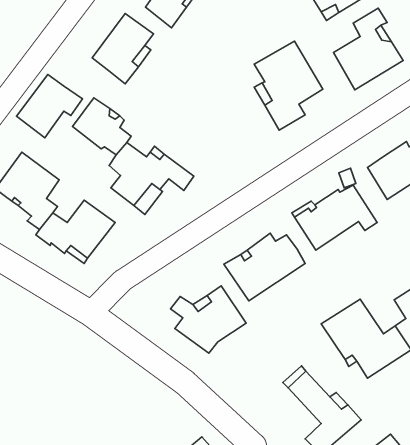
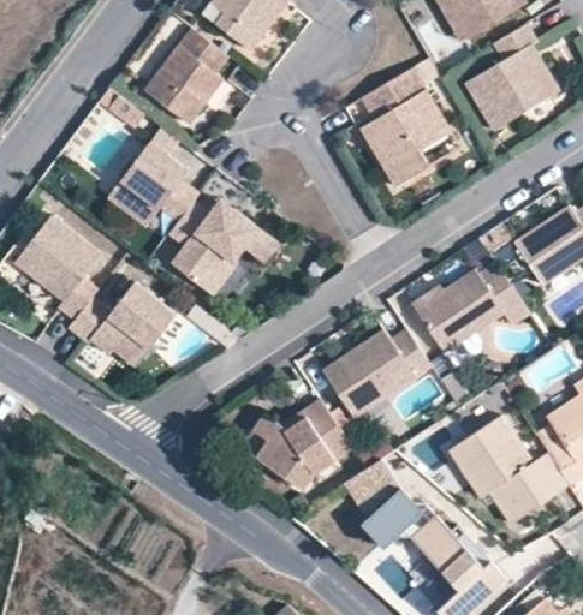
building: [17,74,82,138] -> none
building: none -> [335,458,414,532]

